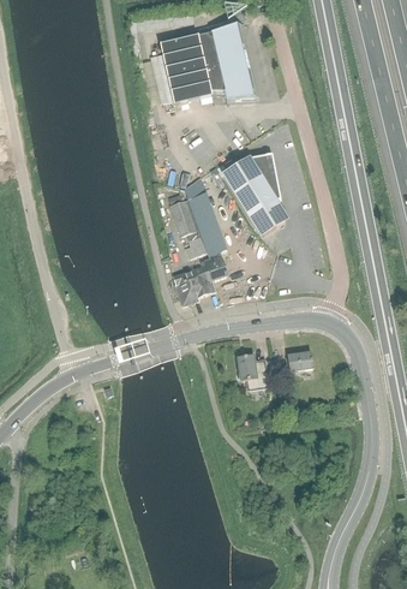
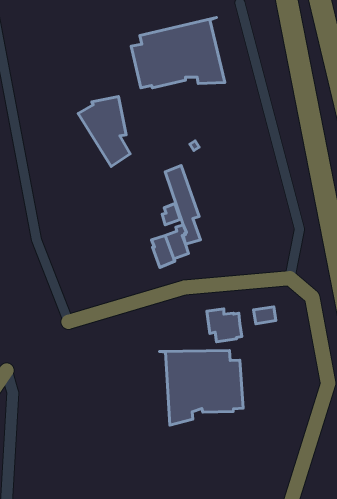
building: [225,153,283,232] -> [78,96,130,167]
building: [168,196,196,233] -> none
building: none -> [159,351,243,425]

